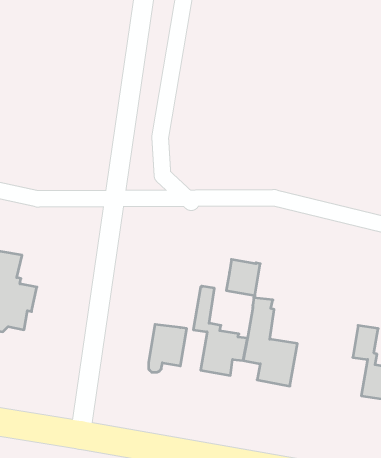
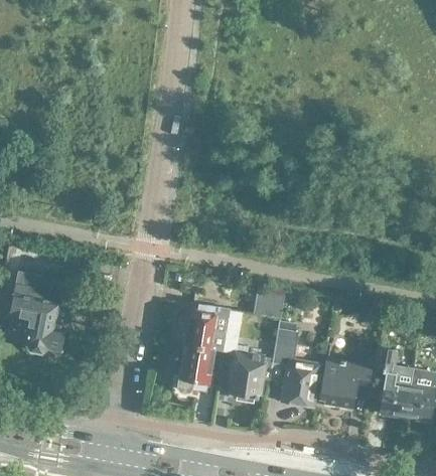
building: none -> [180,305,228,351]
building: none -> [319,351,373,408]

